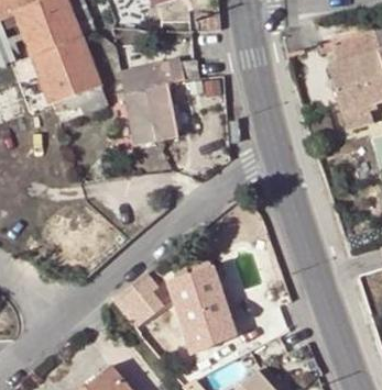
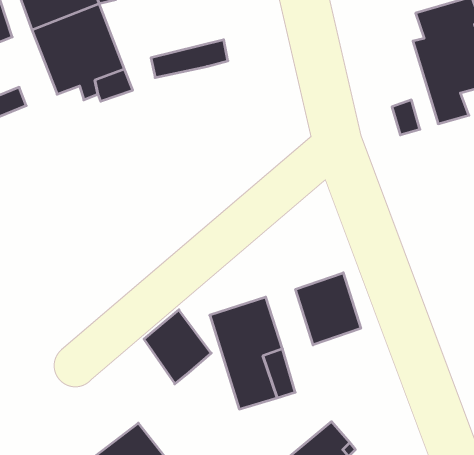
building: [125,83,177,145] -> none
building: none -> [296,273,361,345]

